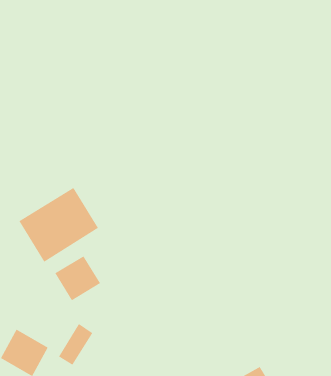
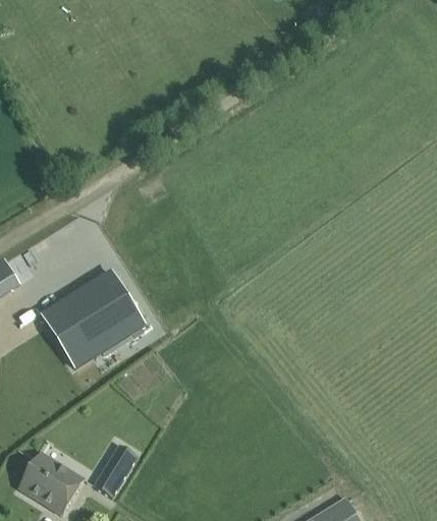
building: [54,255,101,301] -> none

